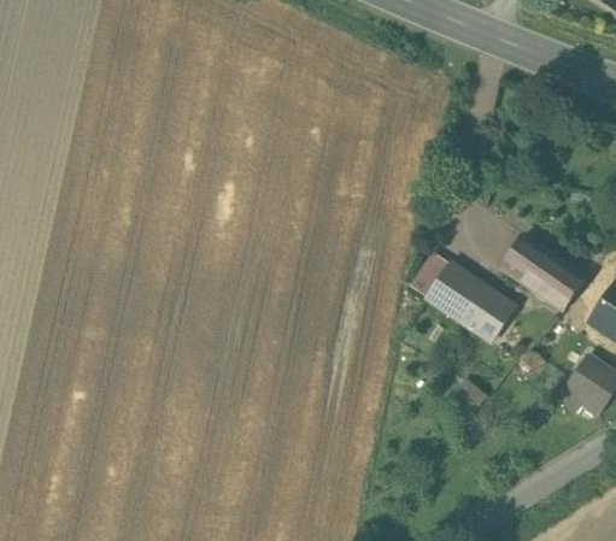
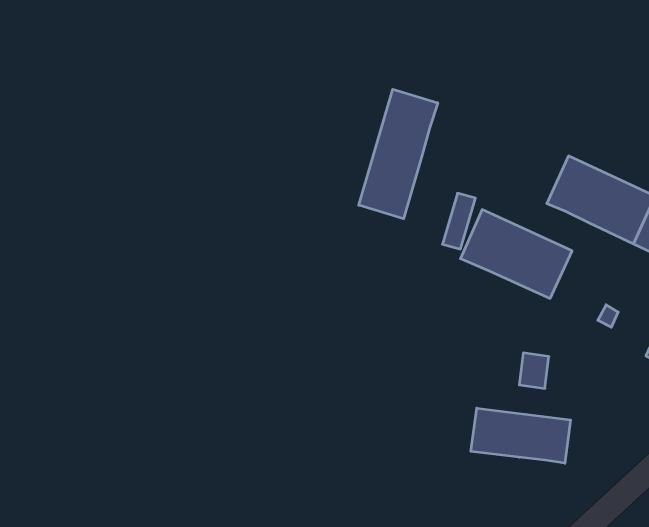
building: none -> [359,89,438,219]
building: none -> [471,408,571,463]

